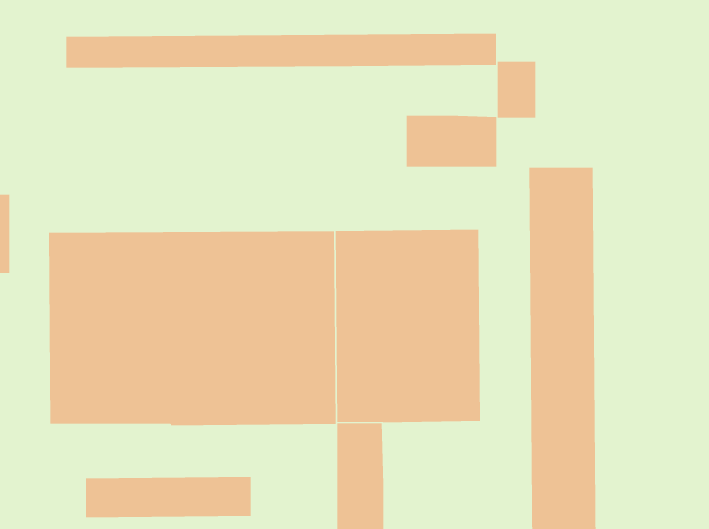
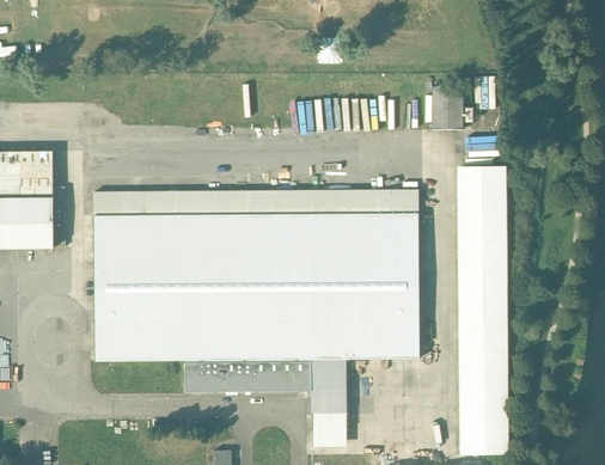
building: [65,33,497,68] -> [93,189,418,215]
building: [406,115,497,168] -> none
building: [85,476,252,518] -> [185,360,311,391]

